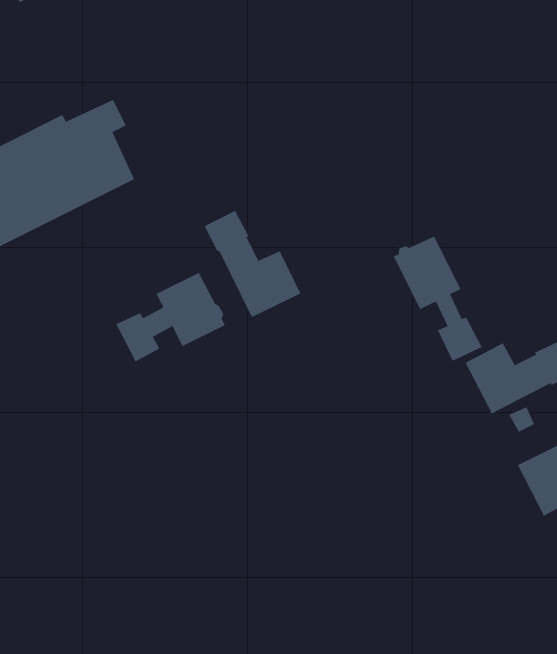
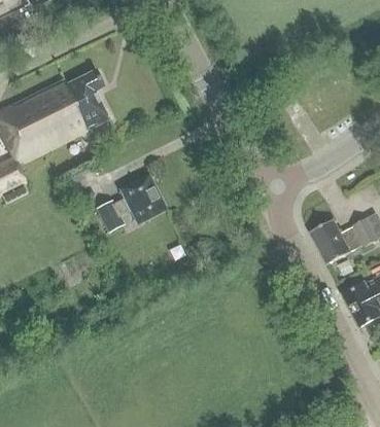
building: [204,210,301,318] -> none
building: [393,235,483,362] -> none

